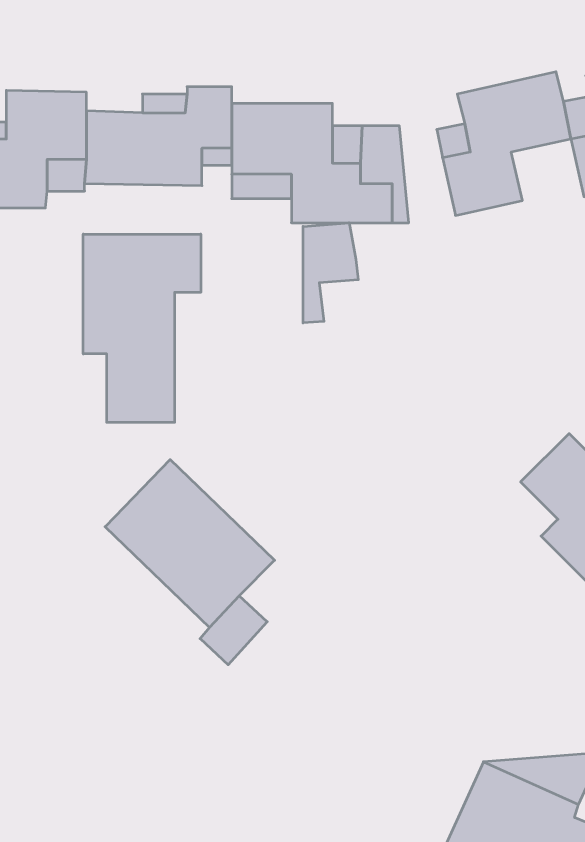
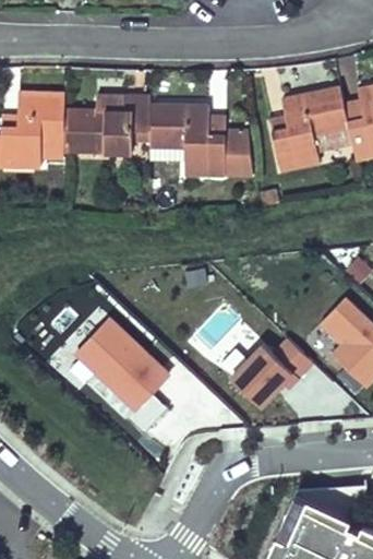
building: [303,223,358,323] -> none
building: [83,234,201,422] -> none
building: none -> [229,341,309,413]

